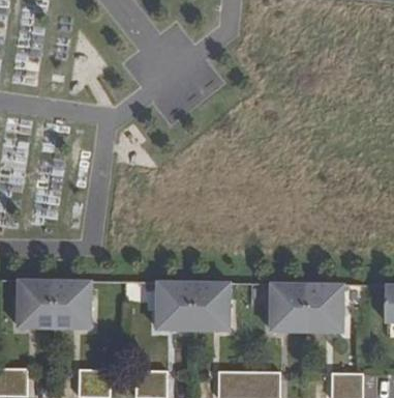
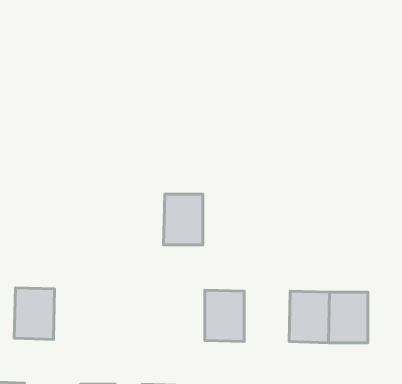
building: [54,282,90,329] -> none
building: [157,283,193,330] -> [164,194,203,245]

